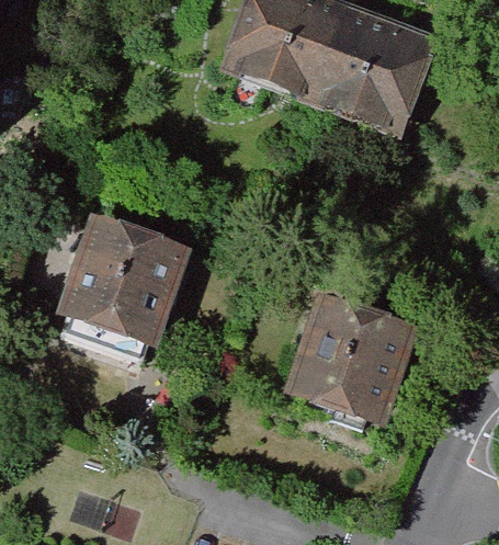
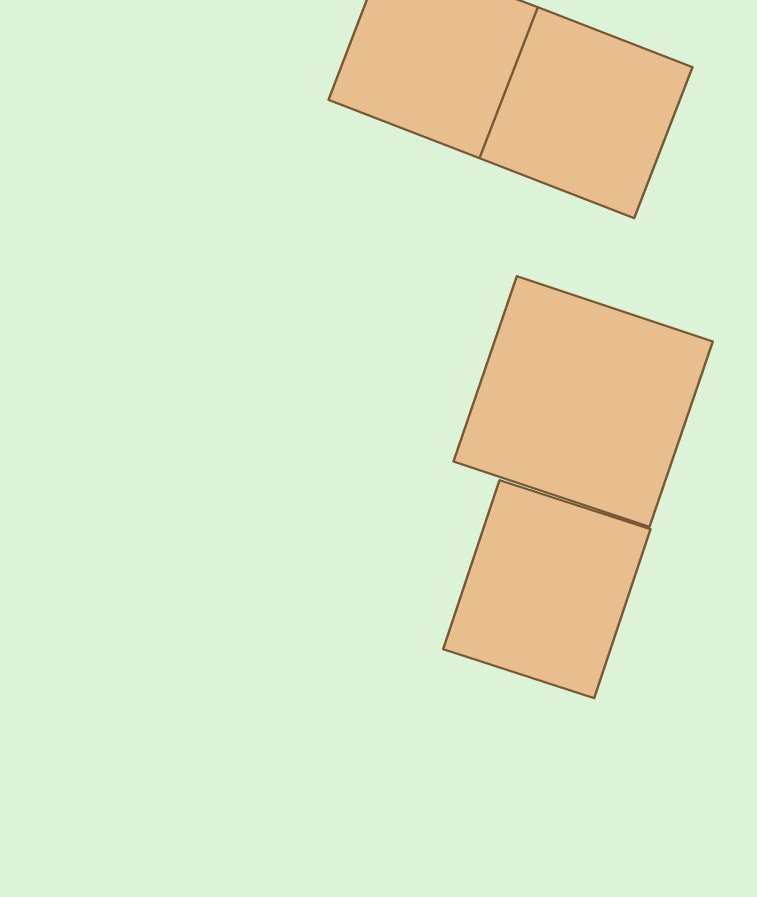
building: none -> [453,276,713,527]
building: [56,215,182,350] -> none

